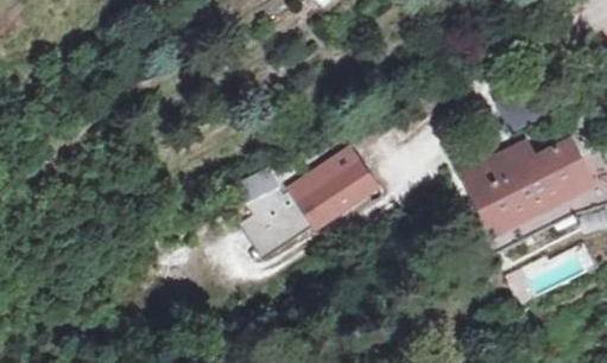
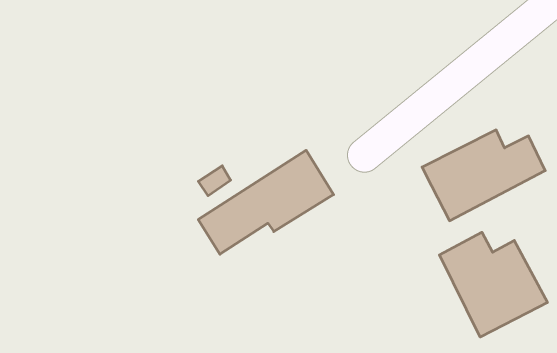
building: none -> [439,232,547,337]

